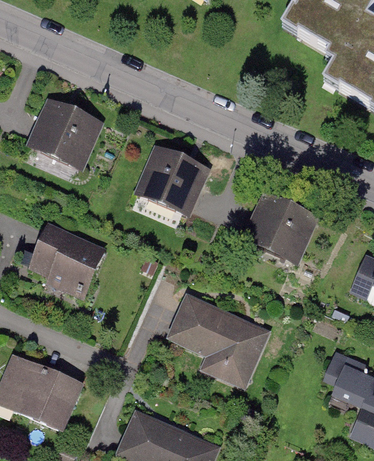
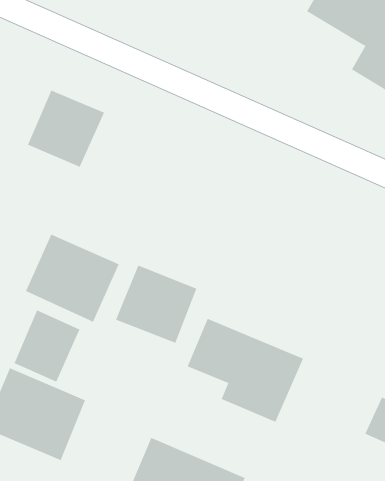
building: [133,141,206,211] -> [115,265,197,344]
building: [238,191,320,260] -> none
building: none -> [14,309,80,383]

